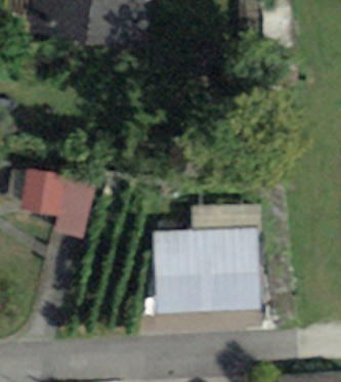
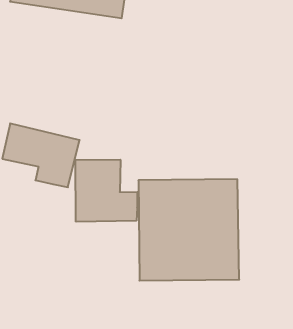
building: none -> [75,160,137,222]

